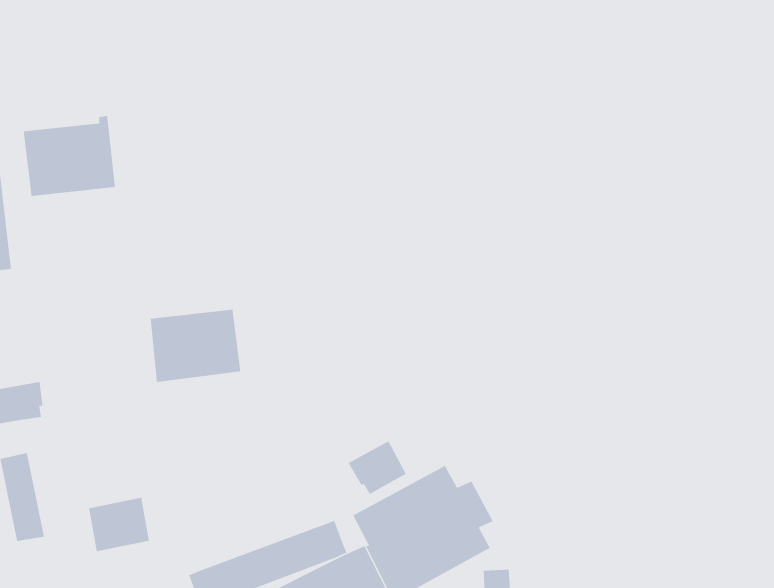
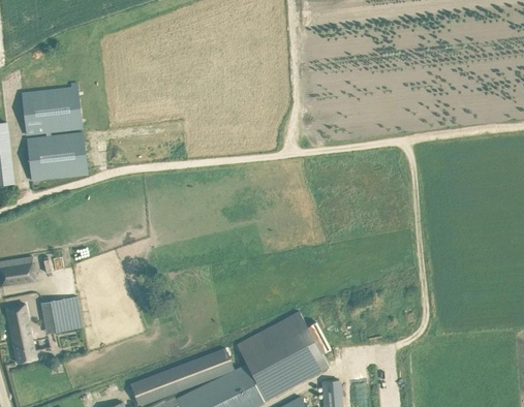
building: [150,309,241,383] -> [28,132,88,181]
building: [347,440,407,495] -> none
building: [88,497,150,552] -> [43,296,84,333]

